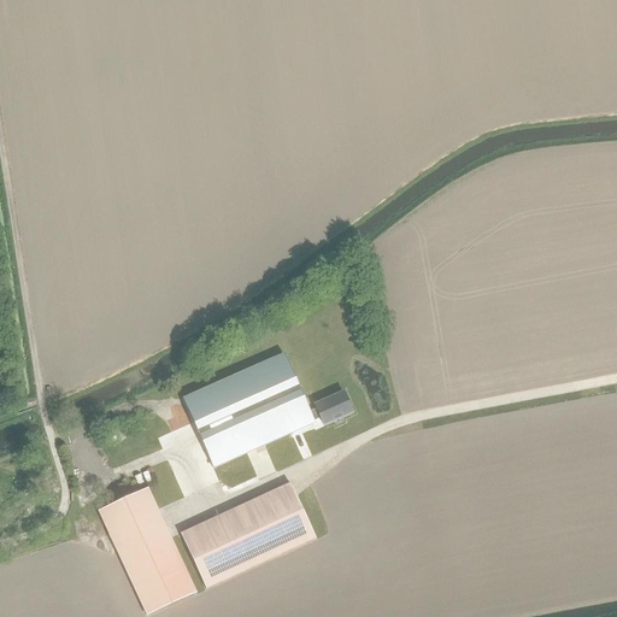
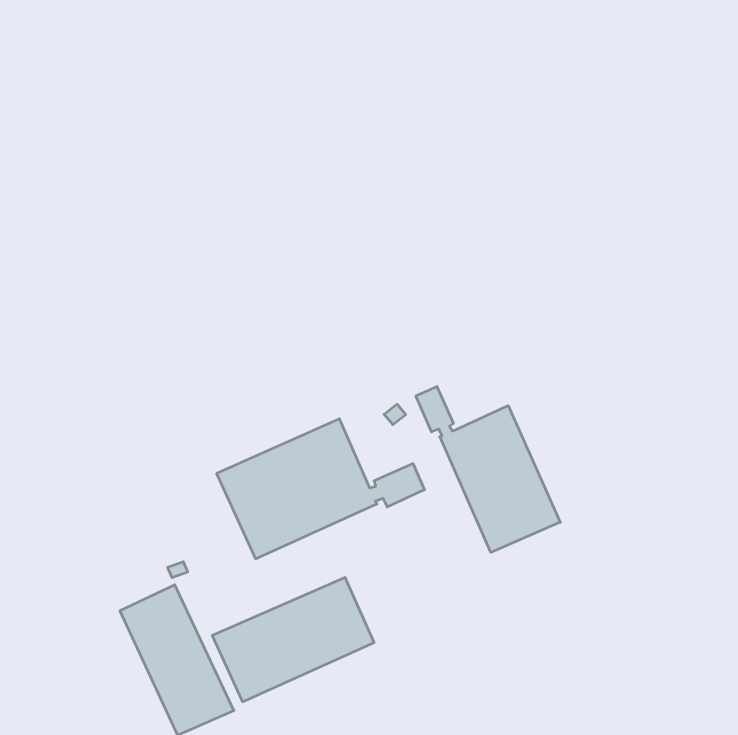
building: none -> [416,386,560,552]

